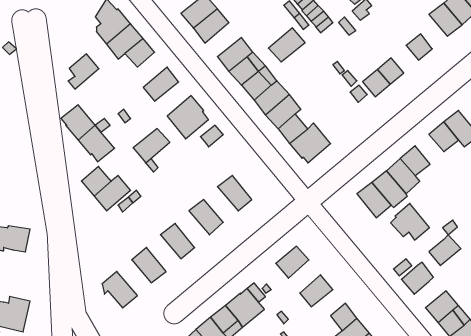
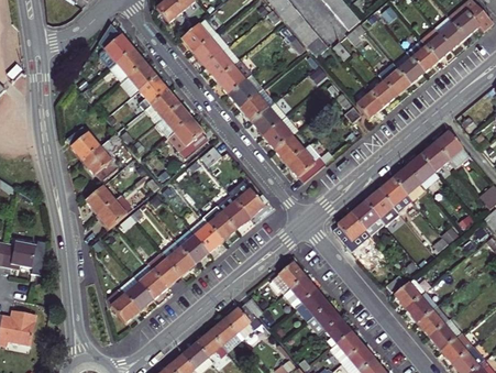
building: none -> [407,39,438,72]
building: [268,28,305,62] -> [205,46,240,79]
building: none -> [378,62,410,95]
building: [68,54,99,89] -> [139,75,168,109]
building: [133,129,170,163] -> [156,103,191,136]
building: none -> [407,154,439,187]
building: none -> [231,182,264,217]
building: none -> [203,205,236,239]
building: [391,203,429,240] -> [332,211,370,246]
building: none -> [176,228,209,263]
building: none -> [148,251,181,286]
building: [429,235,461,266] -> [406,292,437,321]
building: none -> [120,275,153,309]
building: none -> [285,275,316,307]
building: none -> [307,304,340,334]

